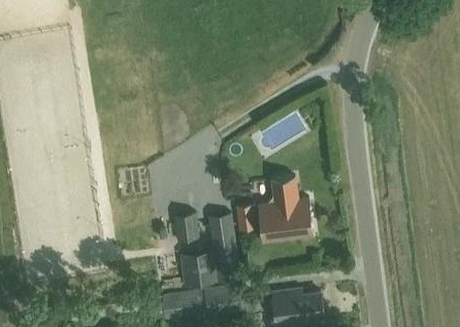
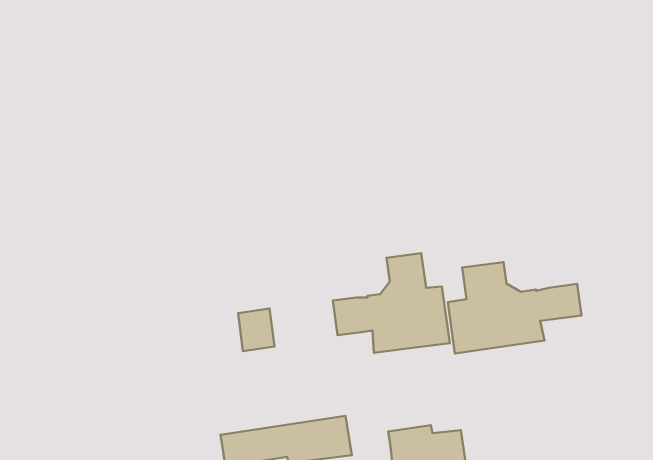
building: none -> [448,262,581,354]
building: [179,215,237,286] -> none

